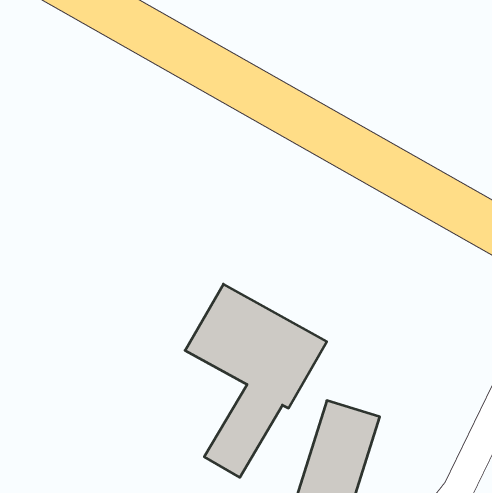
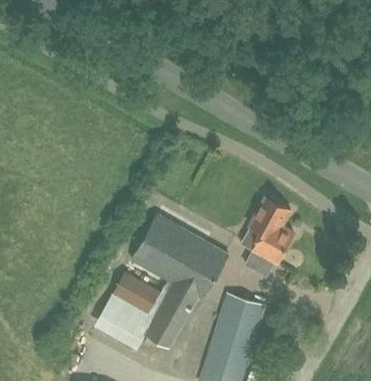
building: none -> [241,198,295,274]
building: none -> [94,271,159,349]

